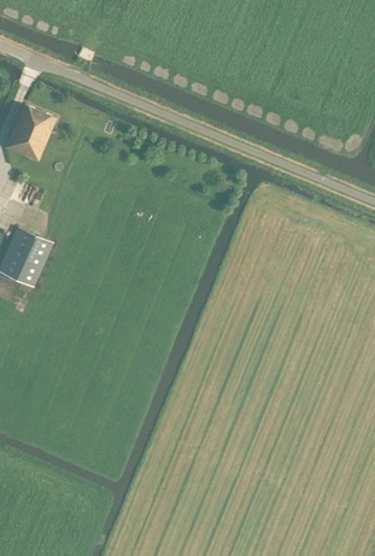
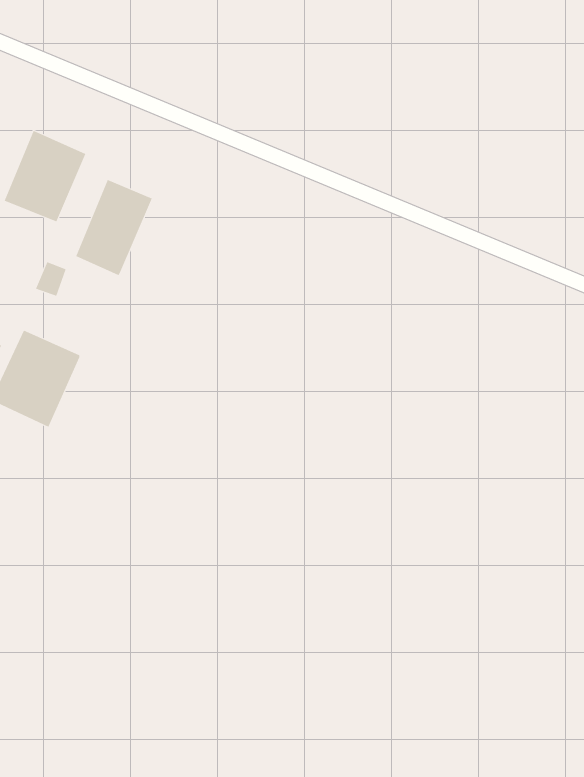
building: none -> [75,179,153,276]

